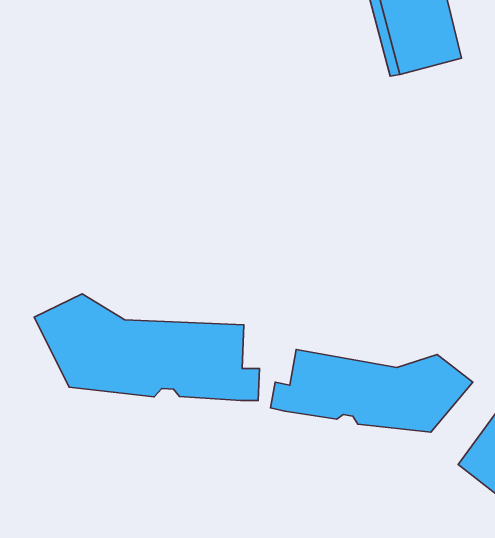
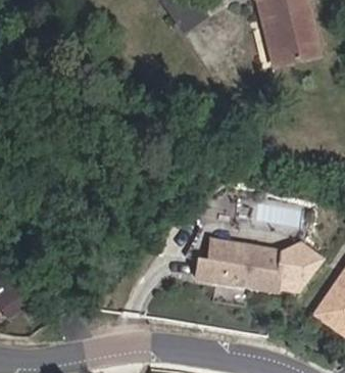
building: [34,294,259,400] -> none

